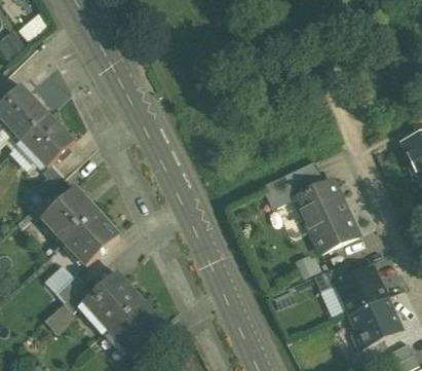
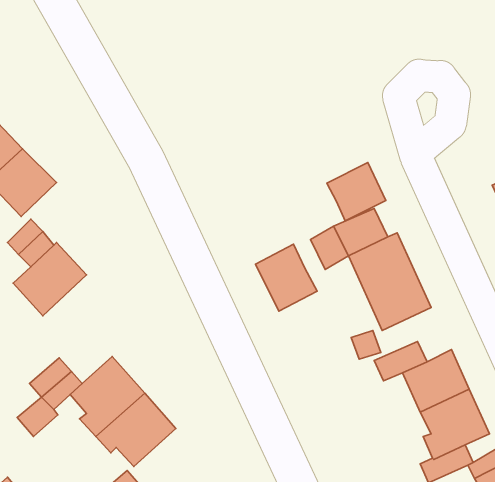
building: none -> [327,163,386,221]
building: none -> [255,244,317,311]
building: [64,211,119,266] -> none

